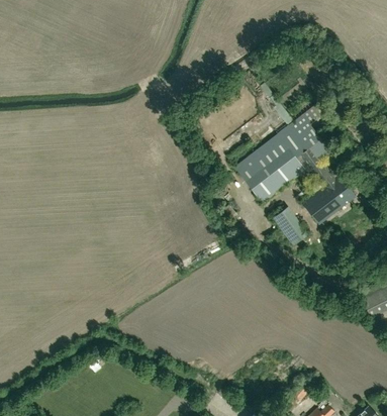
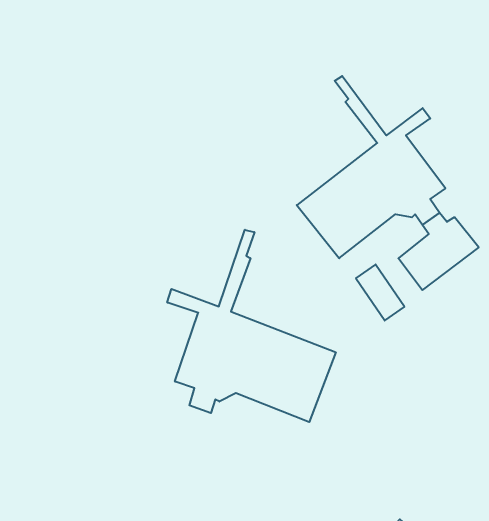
building: none -> [167,230,336,422]

